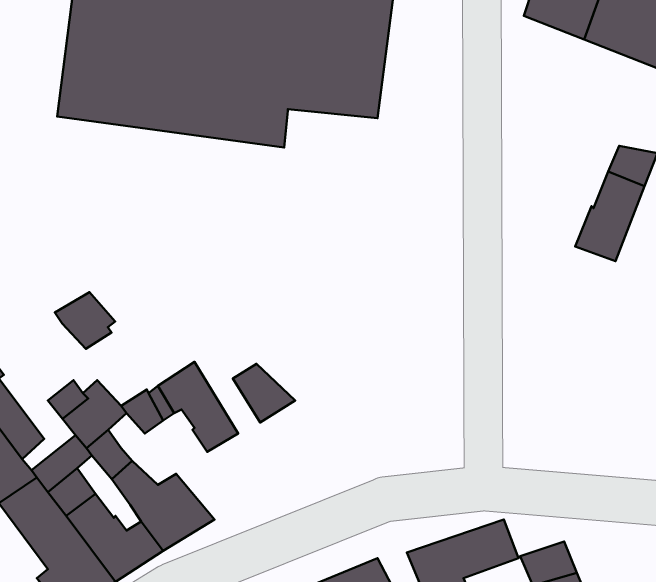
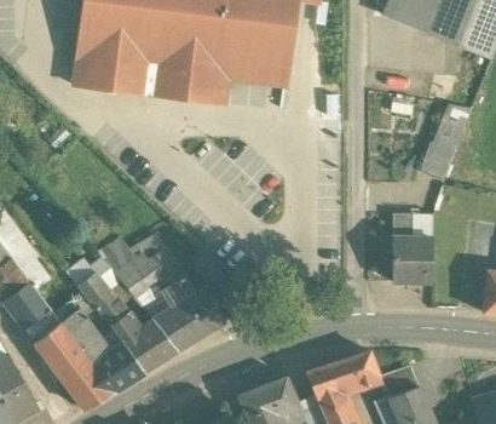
building: [55,292,115,349] -> [96,237,135,275]
building: none -> [392,213,431,282]
building: none -> [152,287,225,350]

